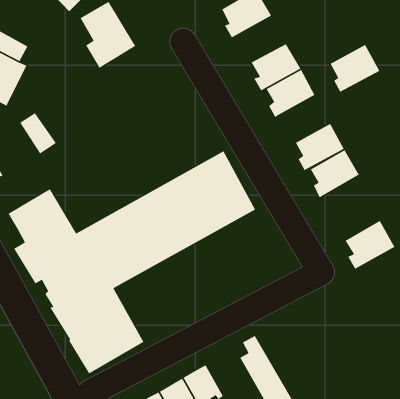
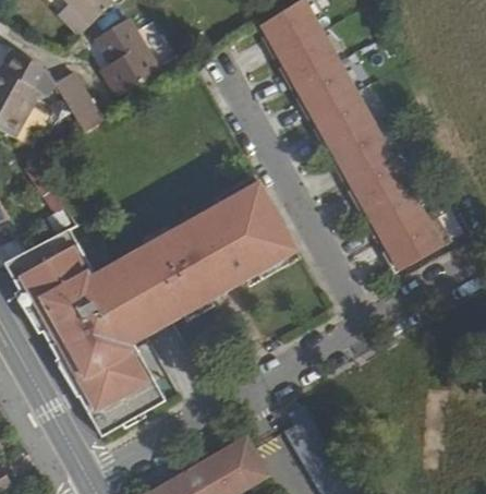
building: none -> [278,31,336,87]
building: [329,44,380,93] -> [328,122,387,179]
building: [19,112,57,155] -> [53,69,97,118]
building: [344,220,395,270] -> [379,214,438,272]

